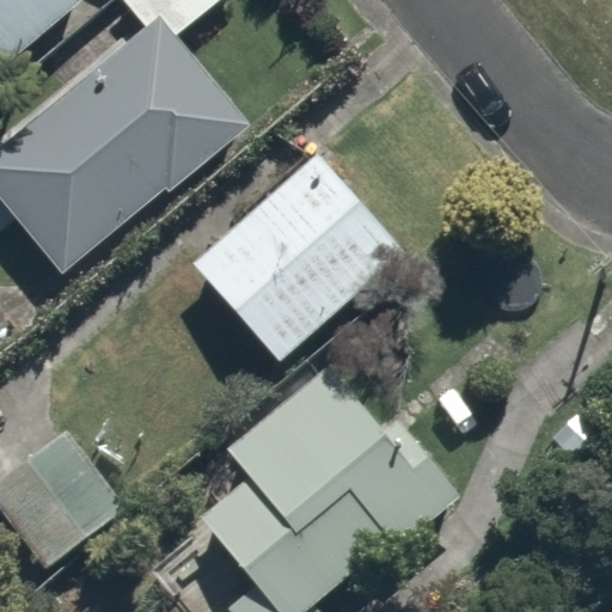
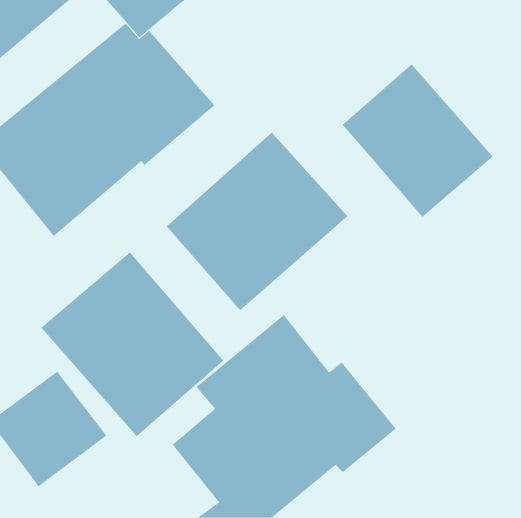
building: none -> [342,64,494,218]
building: none -> [40,251,224,437]

